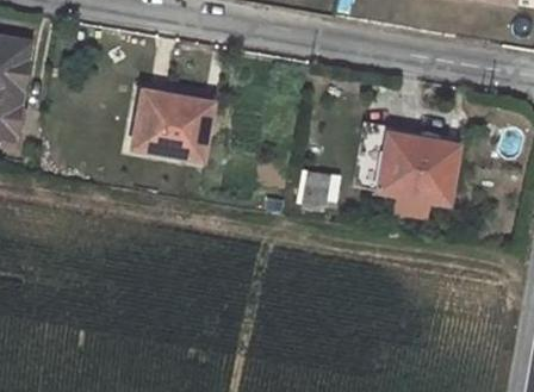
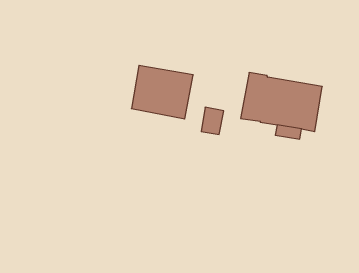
building: [136,92,215,160] -> [131,65,193,119]

